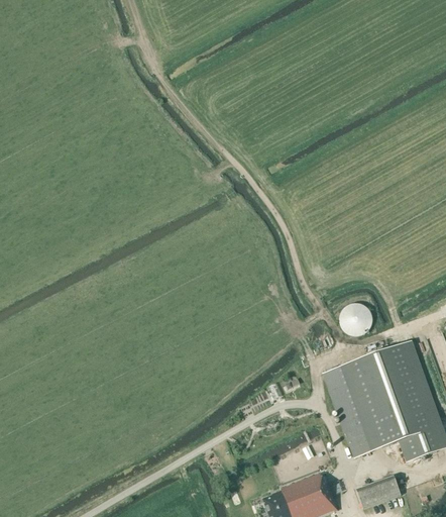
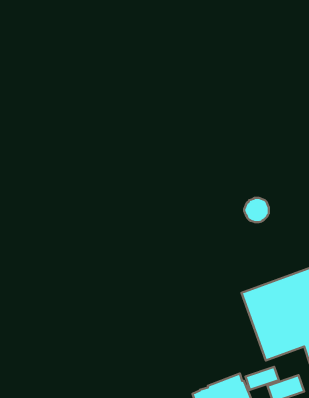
building: [339,306,369,336] -> [244,198,269,222]
building: none -> [245,367,279,390]

